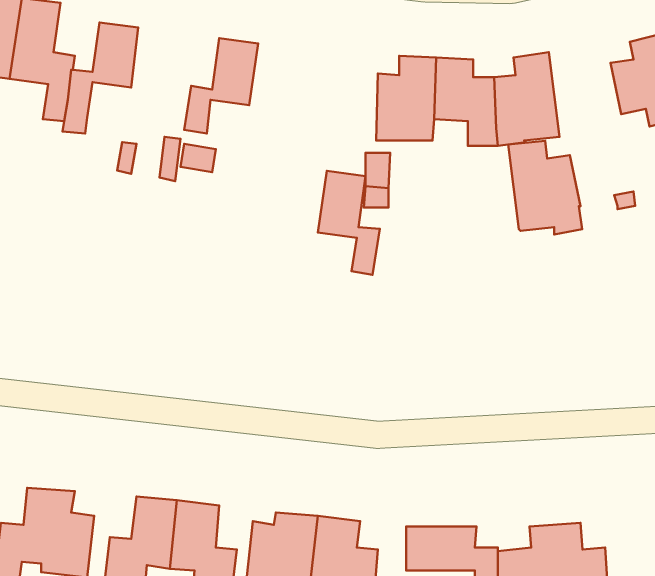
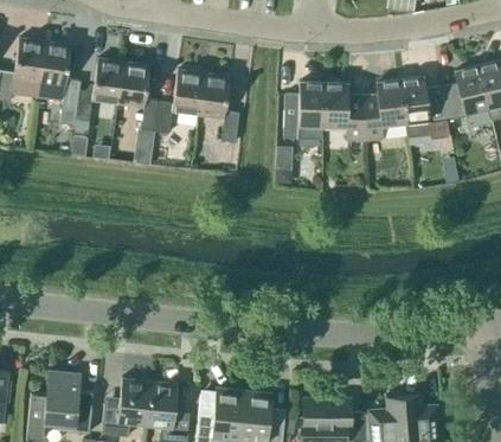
building: none -> [118,63,159,132]
building: [508,141,582,234] -> [399,77,449,140]
building: [318,171,380,275] -> [198,73,239,143]

